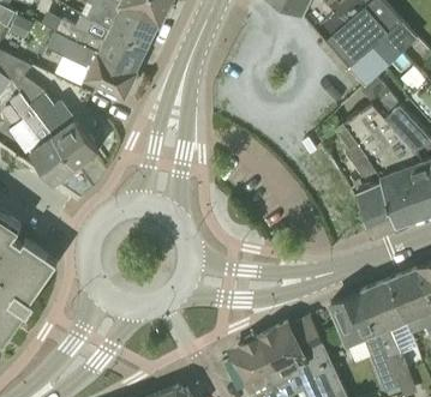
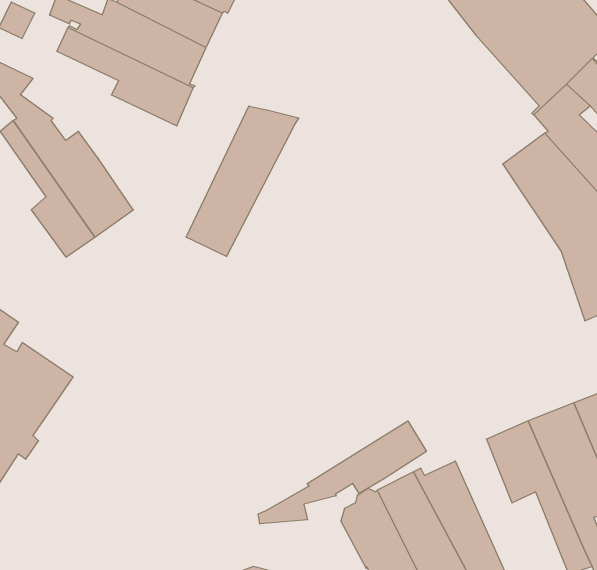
building: none -> [186,106,299,256]
building: [335,124,396,235] -> none
building: none -> [258,421,426,524]

